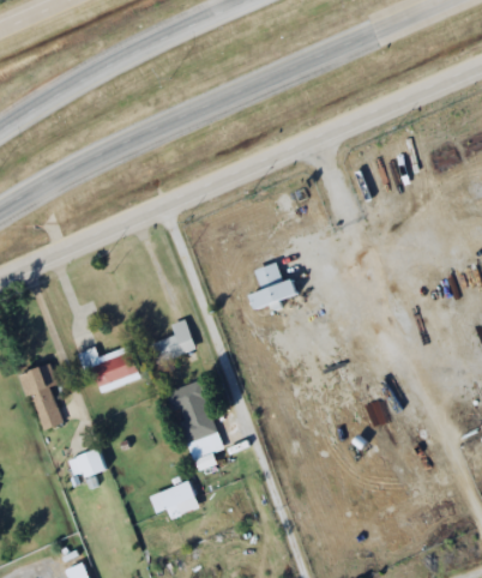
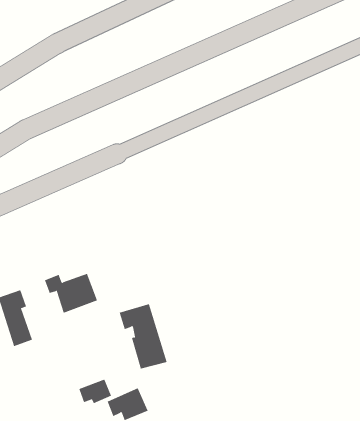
building: [249,261,301,308] -> none
building: [149,318,195,362] -> none
building: [68,448,108,478] -> [78,379,112,404]

